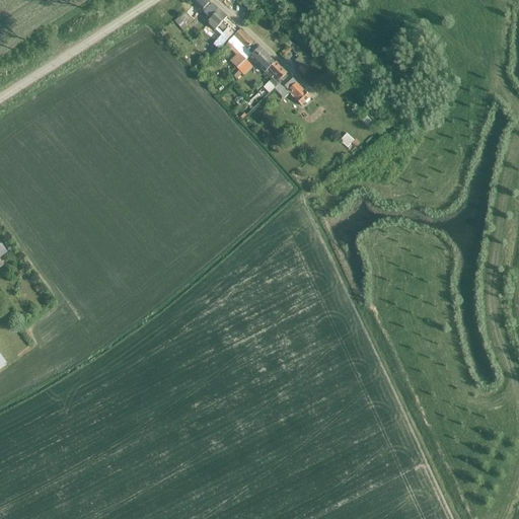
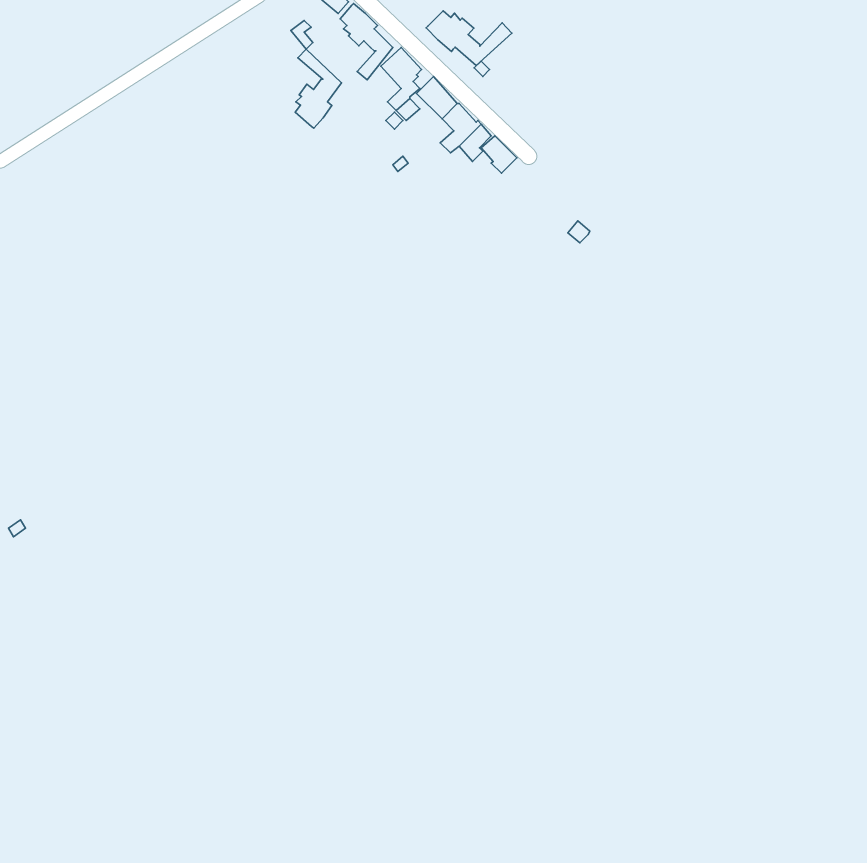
building: none -> [426,11,512,66]
building: none -> [295,49,342,128]

